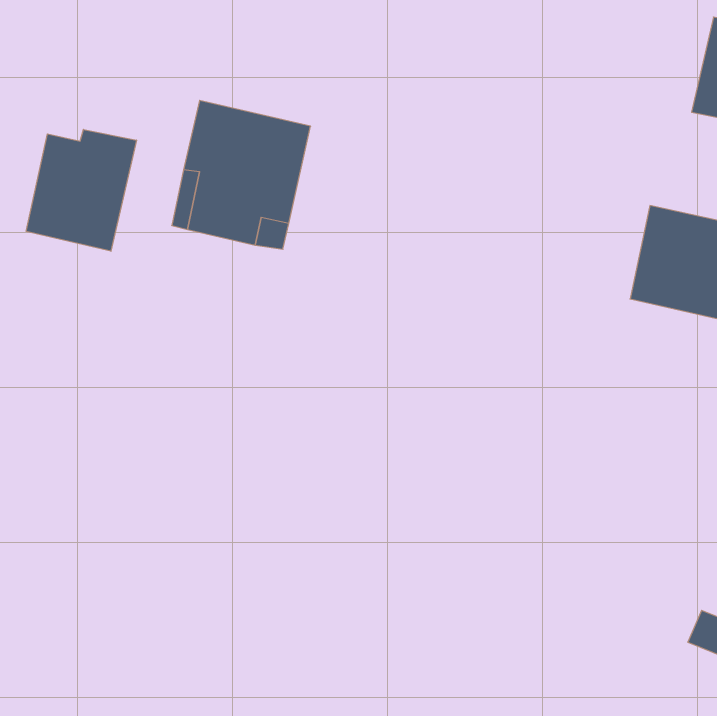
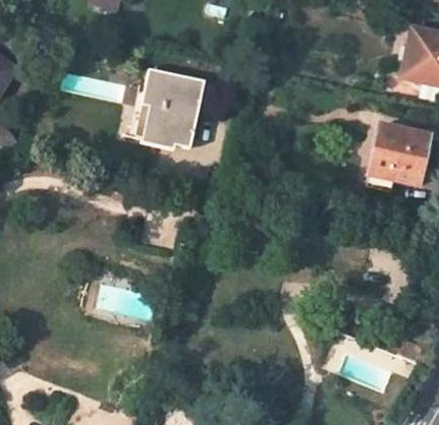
building: [26,129,136,251] -> none

